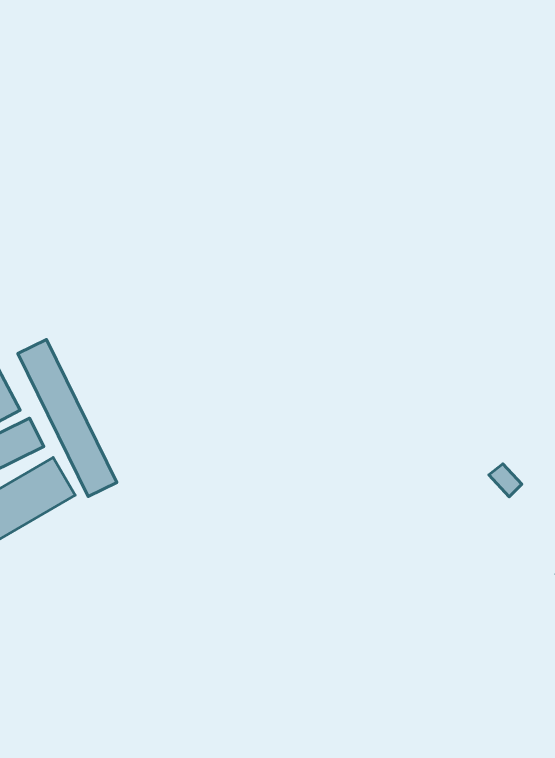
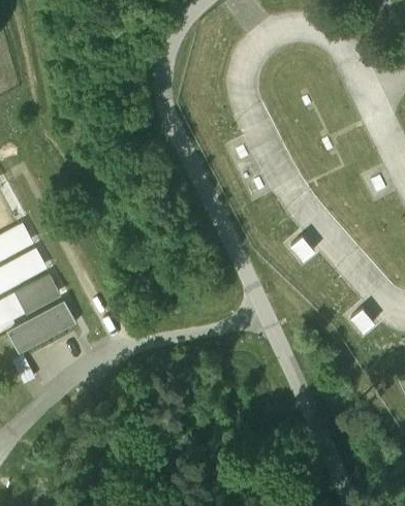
building: [18,340,117,496] -> none

